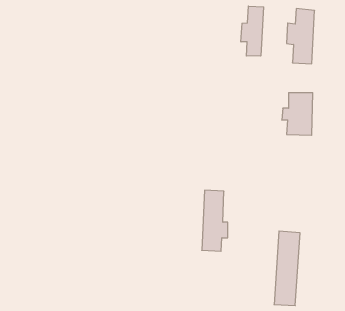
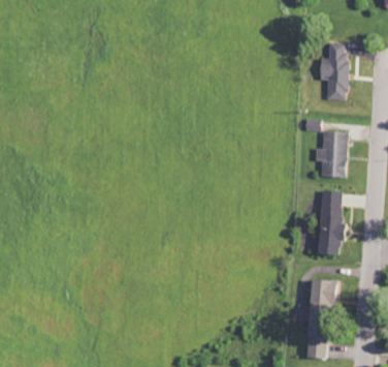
building: [241,6,264,56] -> none
building: [202,190,228,251] -> [320,190,348,255]

